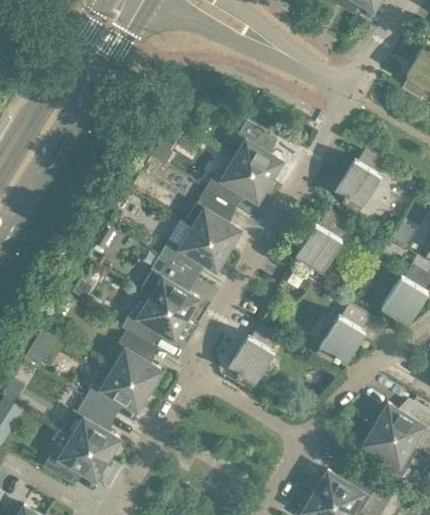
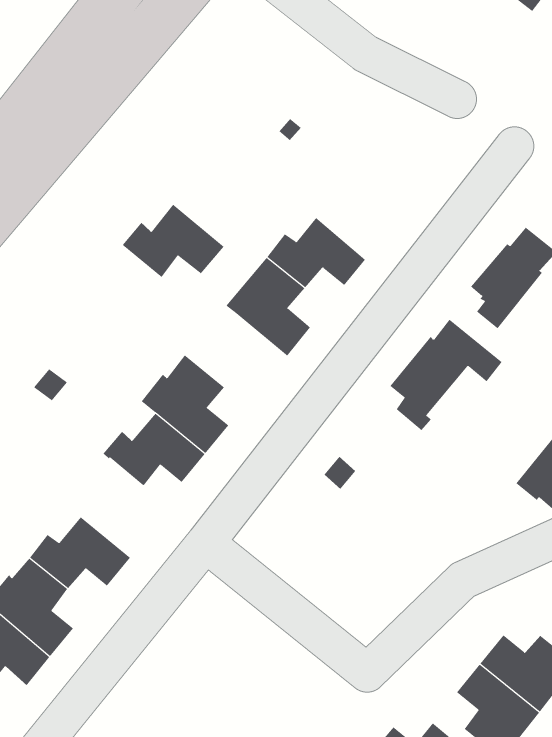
building: [233,121,281,183] -> none
building: [163,228,228,276] -> [122,204,225,278]
building: [315,304,371,364] -> none
building: [230,324,280,390] -> none
building: [113,330,160,390] -> none

